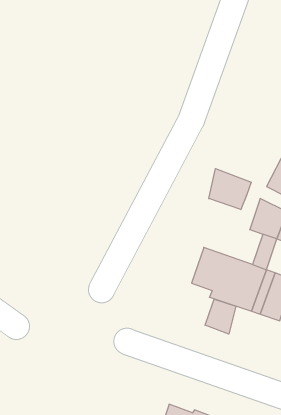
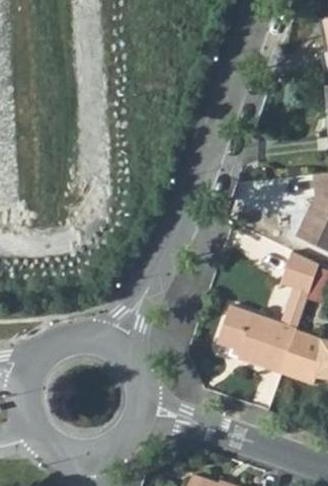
building: [209,169,251,210] -> none
building: [205,299,236,334] -> none

